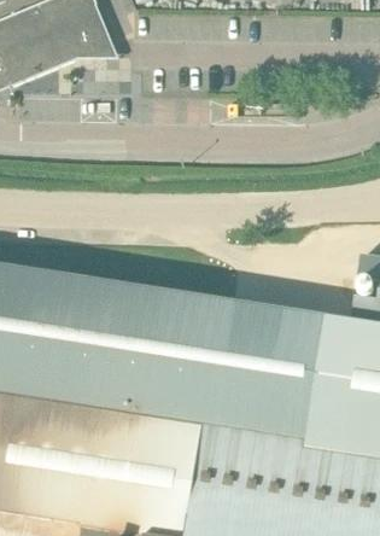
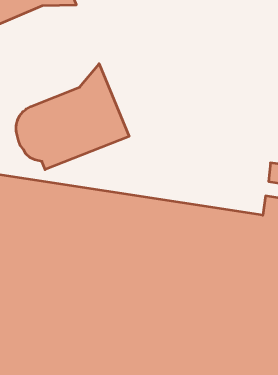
building: none -> [16,64,129,170]

